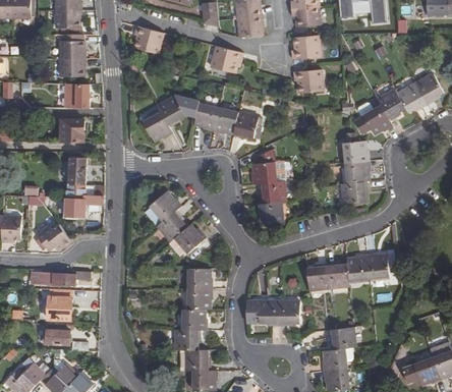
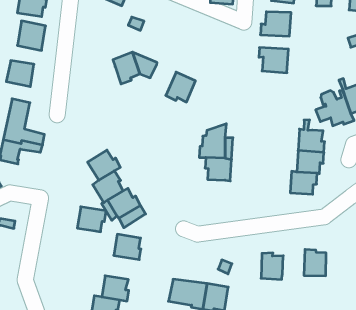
building: [210,45,242,72] -> none
building: [193,103,218,130] -> none
building: [143,111,172,141] -> none
building: [232,112,260,137] -> none
building: [256,201,282,223] -> none
building: [345,254,369,280] -> none
building: [305,264,329,290] -> none
building: [187,288,212,309] -> [77,207,106,232]

